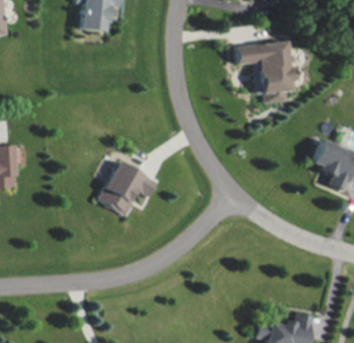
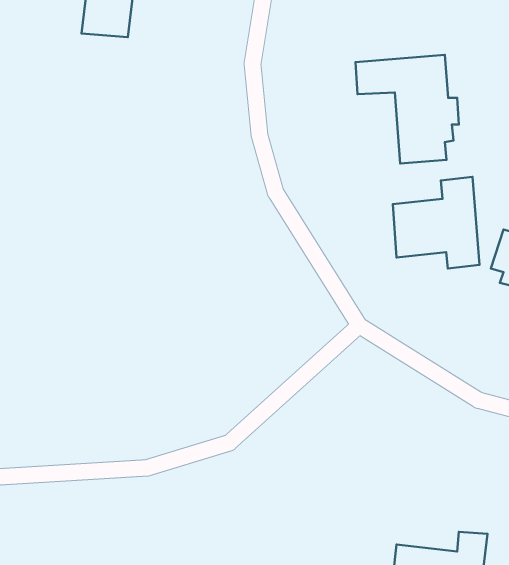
building: none -> [393,177,480,268]
building: [98,161,158,215] -> none

